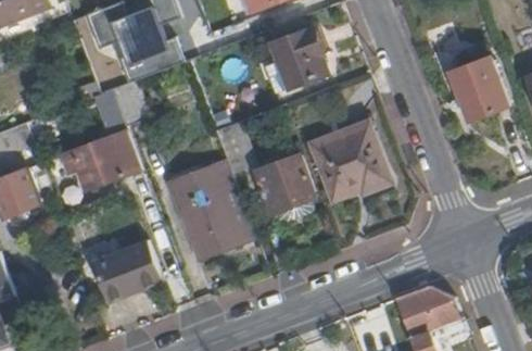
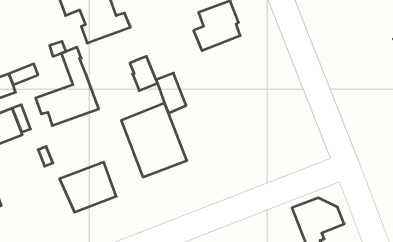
building: [449,58,506,122] -> none
building: [113,80,149,125] -> [130,56,157,91]
building: [316,128,385,197] -> none
building: [258,155,315,212] -> none

